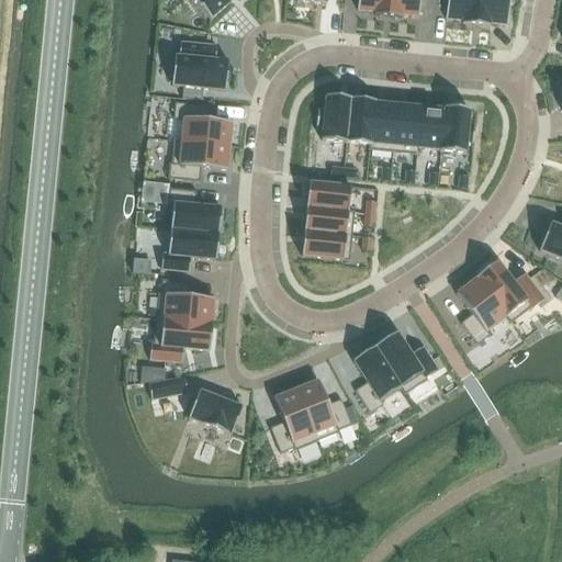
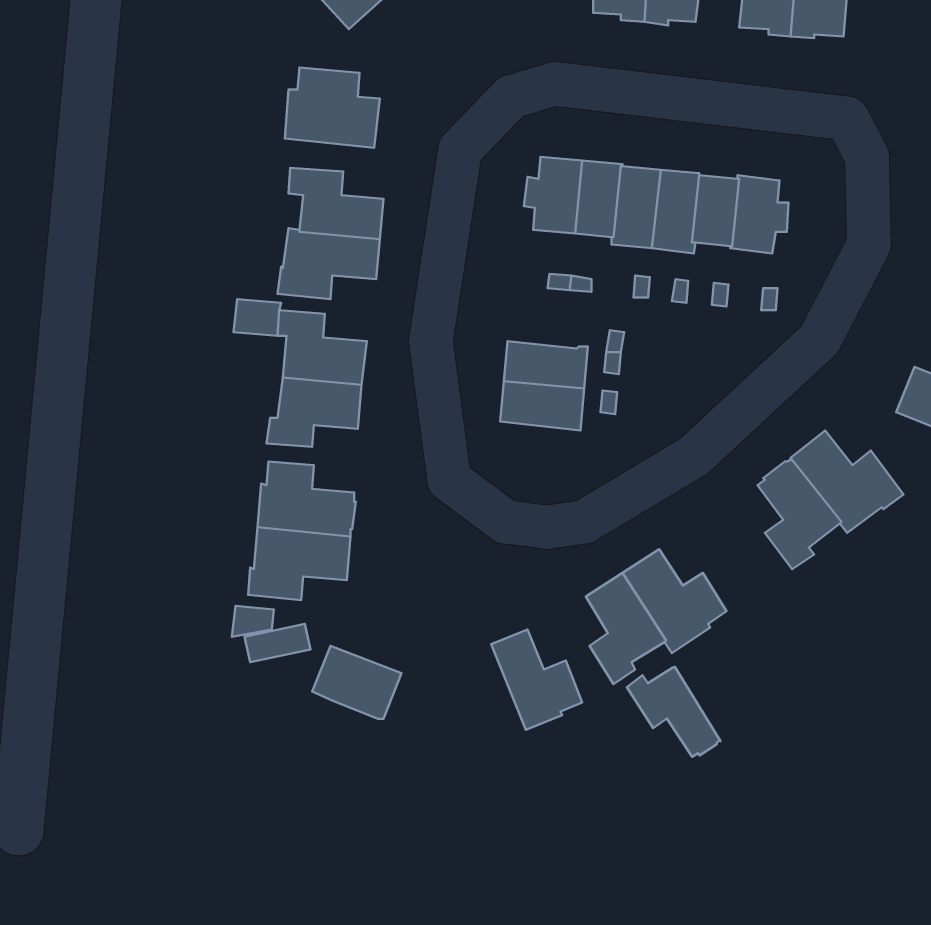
building: [306,181,351,210] -> none
building: [271,387,317,451] -> none
building: none -> [627,667,721,757]

